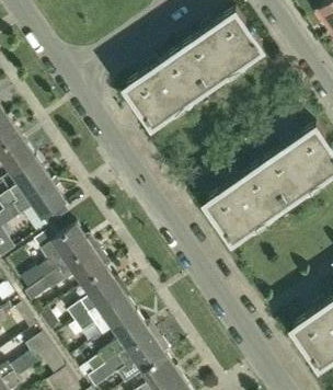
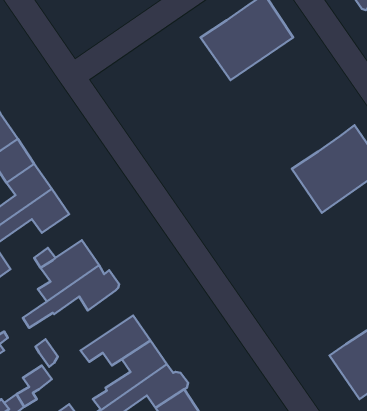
building: [126,48,207,124] -> none
building: [206,163,287,239] -> none
building: [69,269,122,322] -> none

